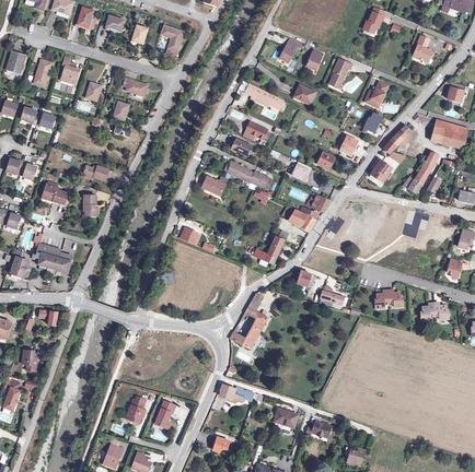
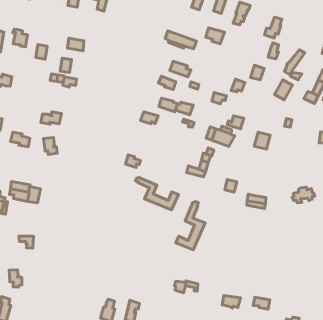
building: none -> [135,177,178,210]

